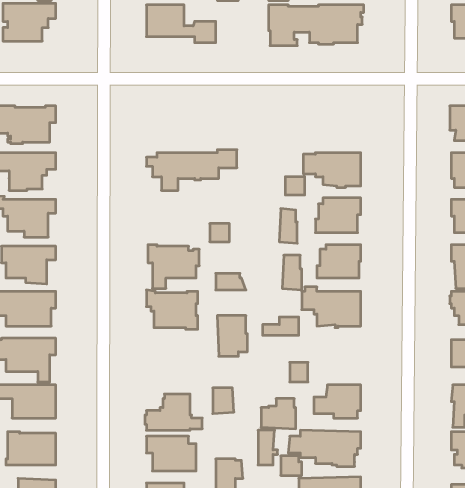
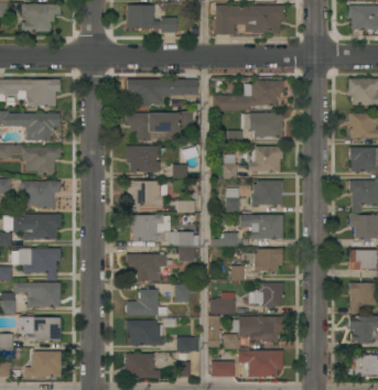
building: none -> [213,76,283,109]
building: none -> [128,78,199,105]
building: none -> [126,145,160,172]
building: none -> [248,248,282,272]
building: none -> [127,253,166,283]

